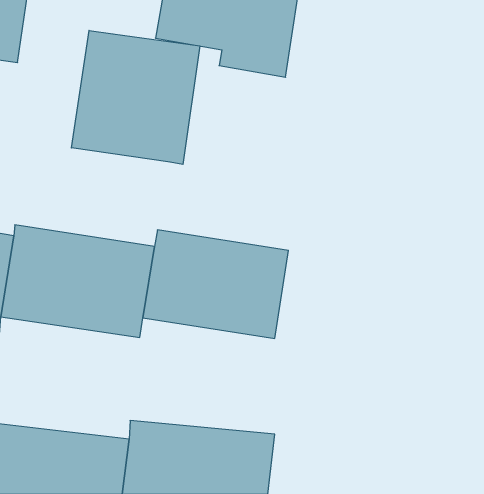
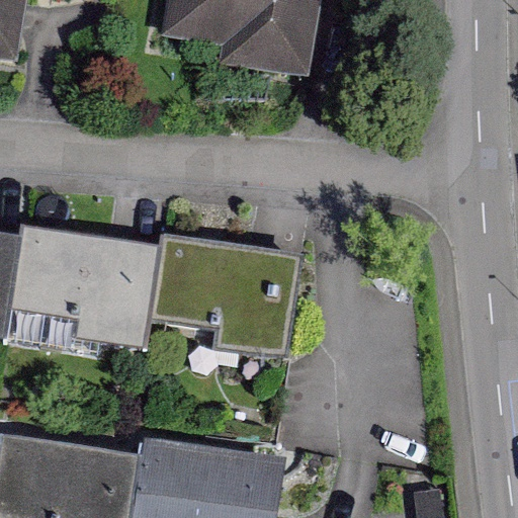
building: [71,30,200,164] -> none

